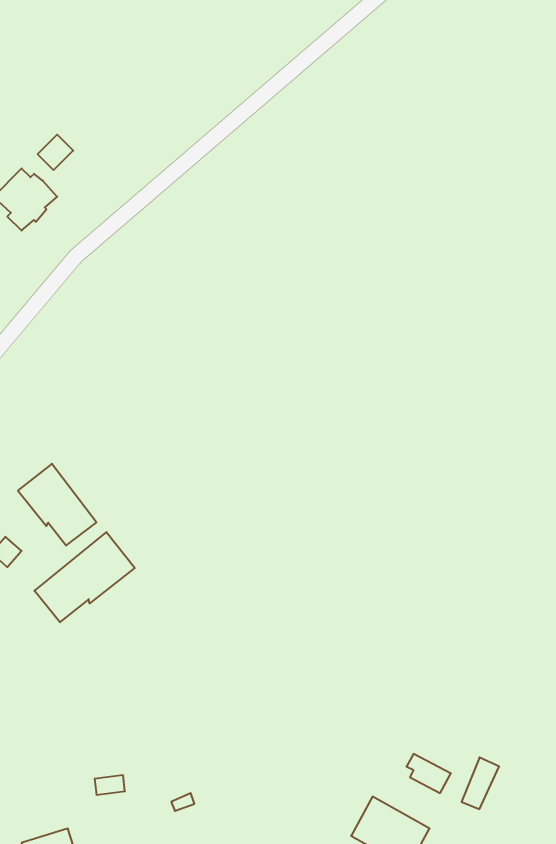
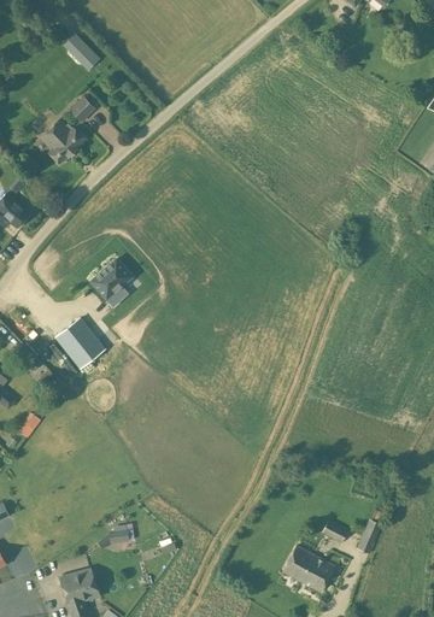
building: none -> [61,31,100,70]
building: none -> [90,259,131,302]
building: [34,532,135,622] -> none

